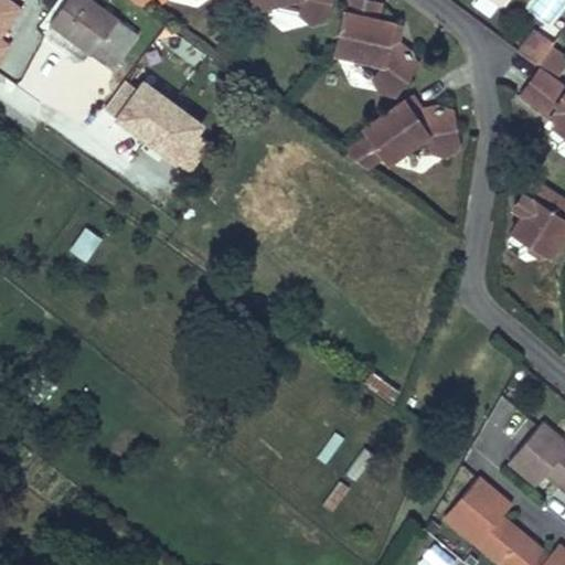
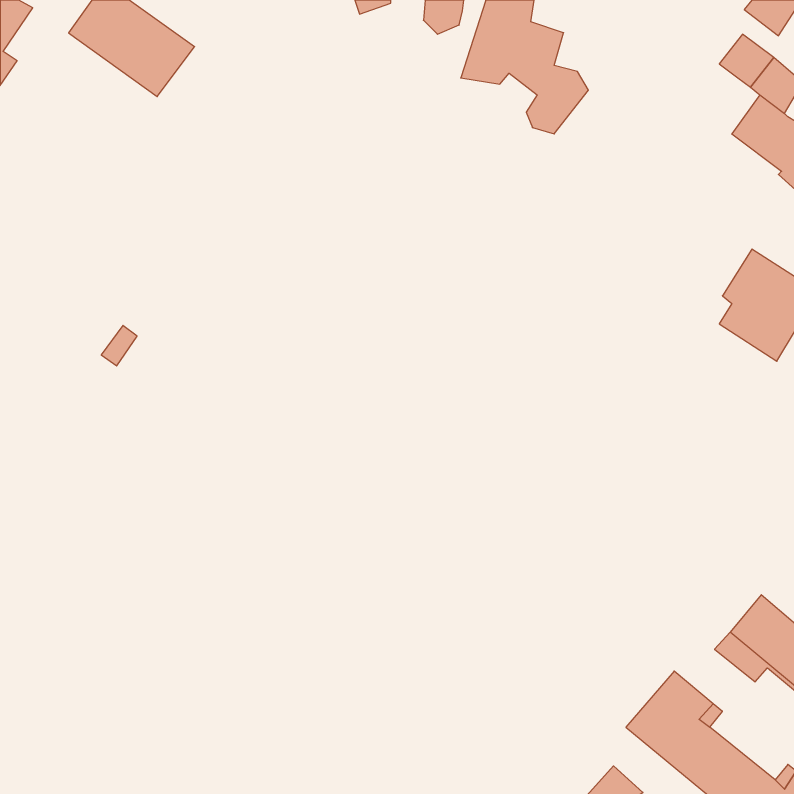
building: [100,72,204,168] -> none
building: [341,96,458,172] -> none

